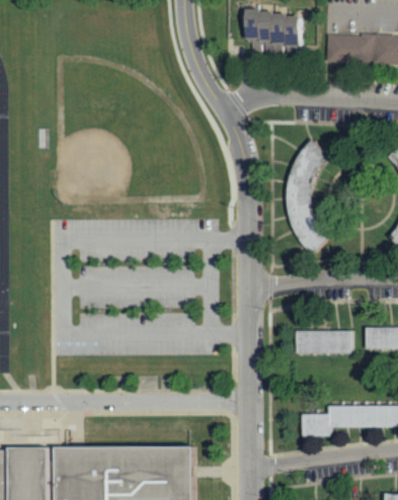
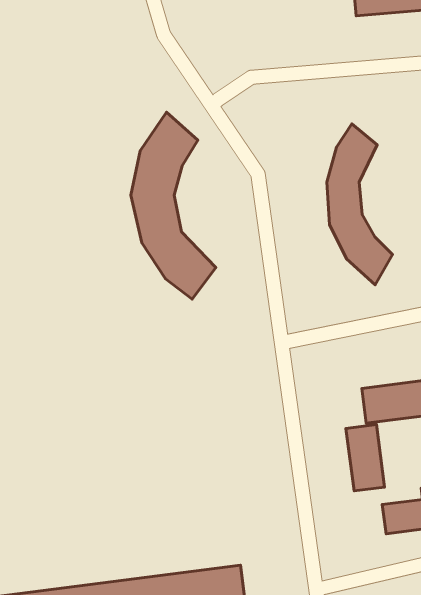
building: none -> [131,112,216,299]
building: none -> [346,424,385,491]

